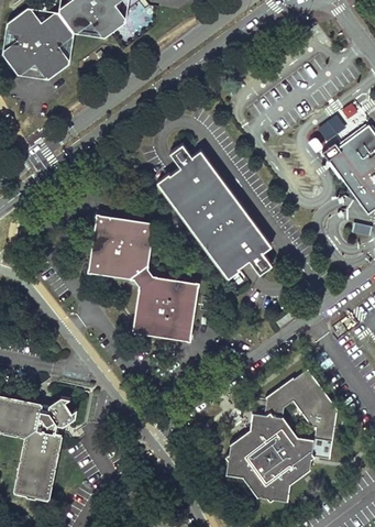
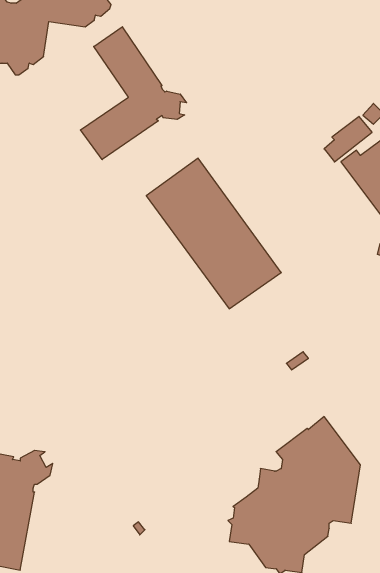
building: none -> [80,27,187,160]
building: [87,219,200,338] -> none

